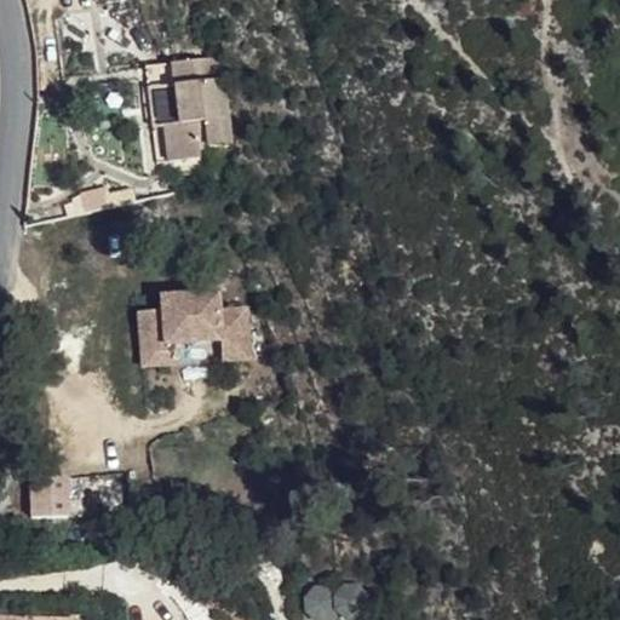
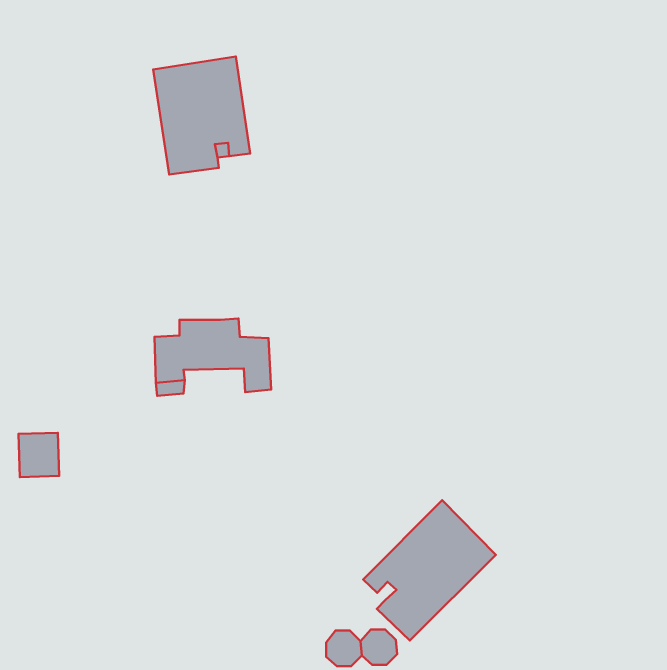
building: none -> [363,500,496,641]
building: [30,476,68,517] -> [19,433,59,477]

